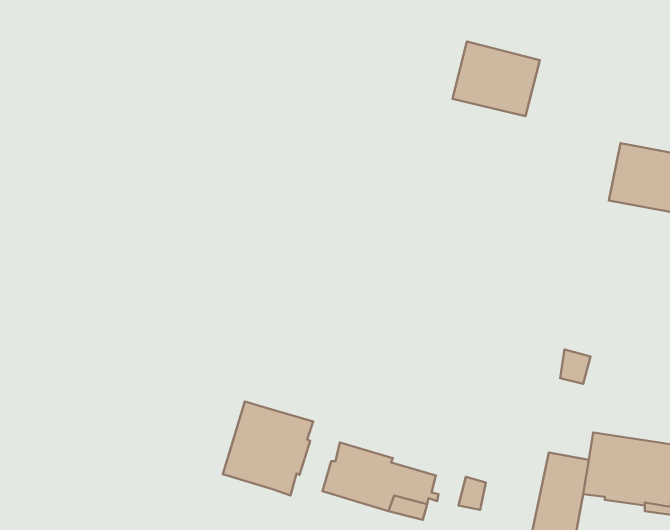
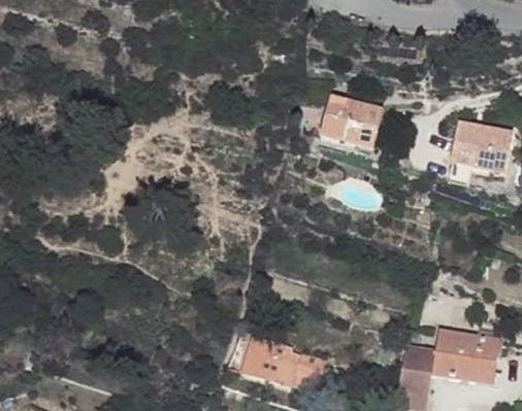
building: [453,42,540,116] -> [320,94,383,147]
building: [223,402,313,495] -> none

